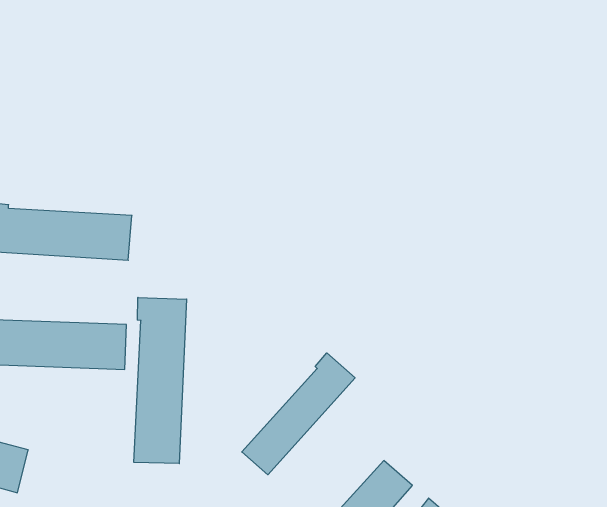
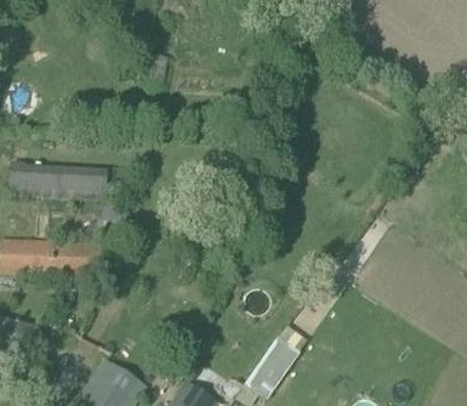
building: [134,297,187,464] -> none
building: [242,353,355,475] -> none

